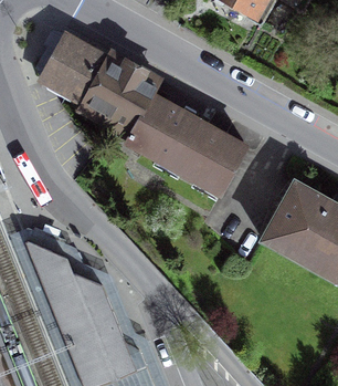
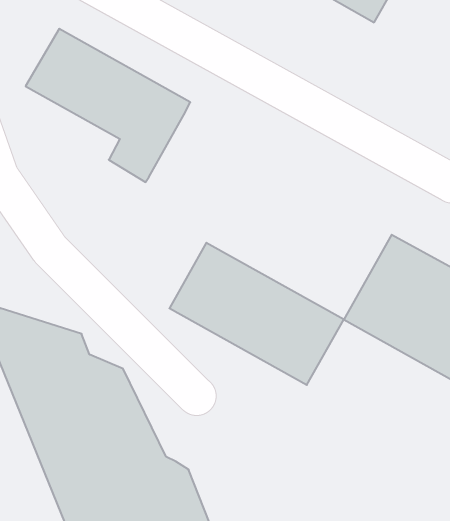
building: [123,96,243,195] -> [169,243,344,385]

